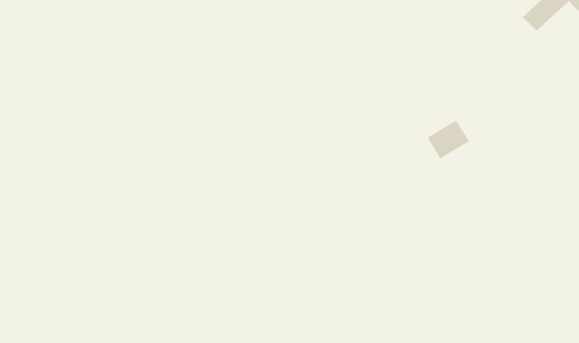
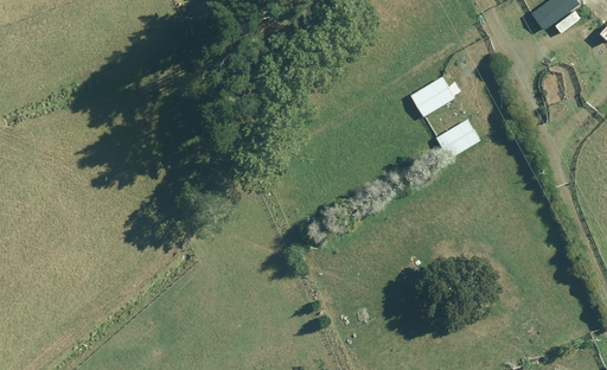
building: none -> [411,77,455,119]

